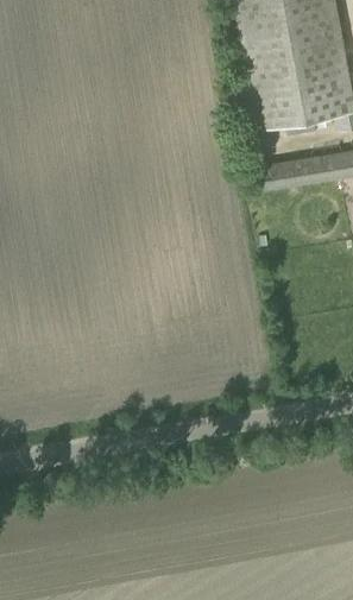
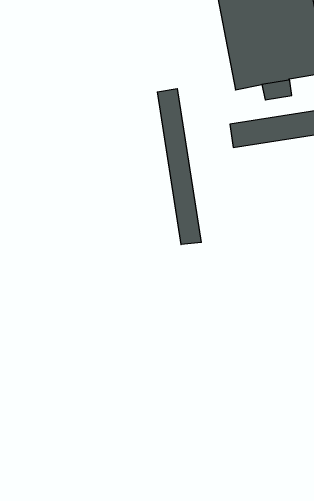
building: none -> [157,89,201,245]

